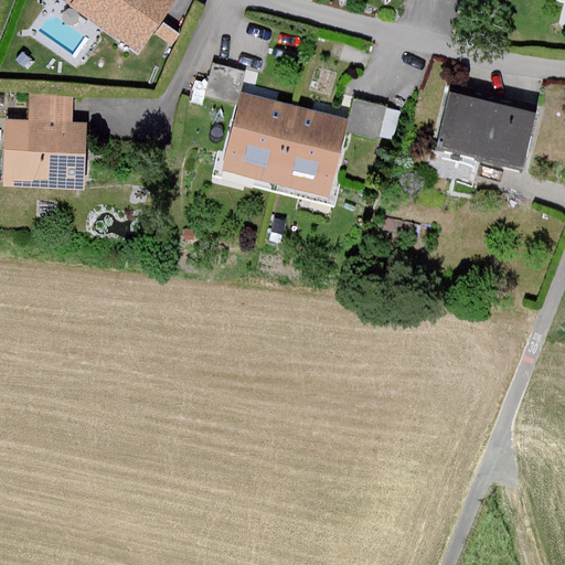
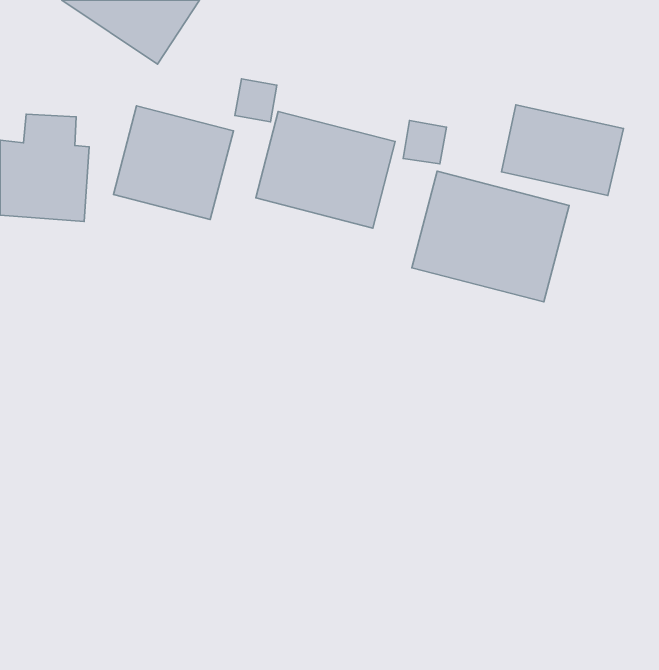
building: none -> [113,106,233,220]
building: none -> [412,171,569,302]

